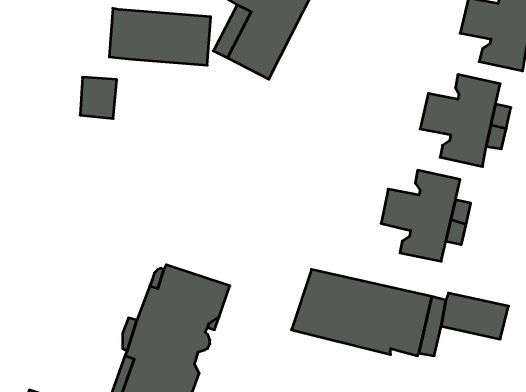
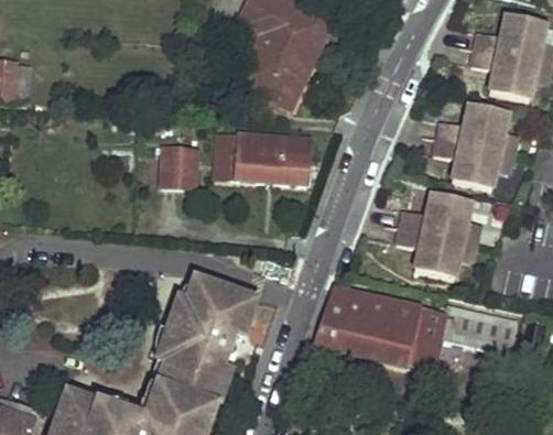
building: [109,8,211,65] -> [213,129,307,182]
building: [80,77,117,119] -> [165,146,199,185]

